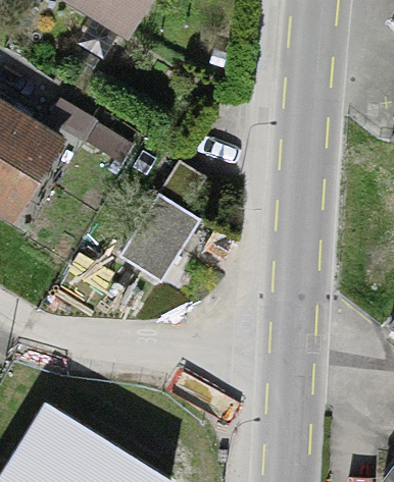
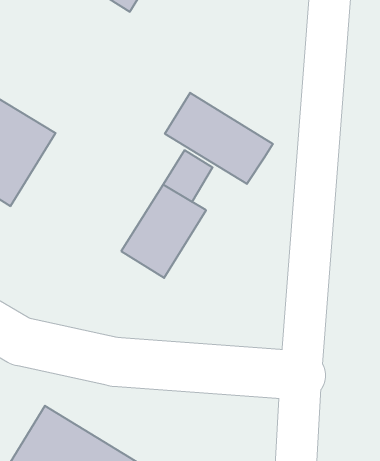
building: none -> [165,93,273,184]

